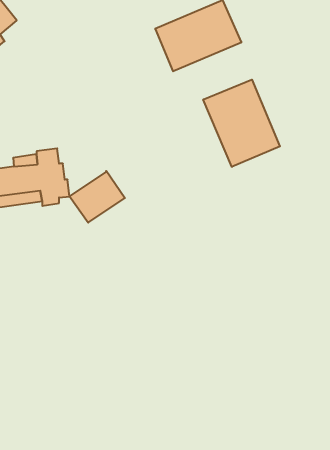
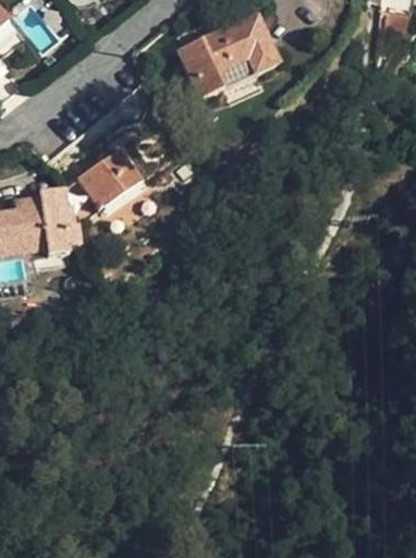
building: [203,80,280,167] -> none
building: [69,171,125,223] -> [78,146,143,206]

